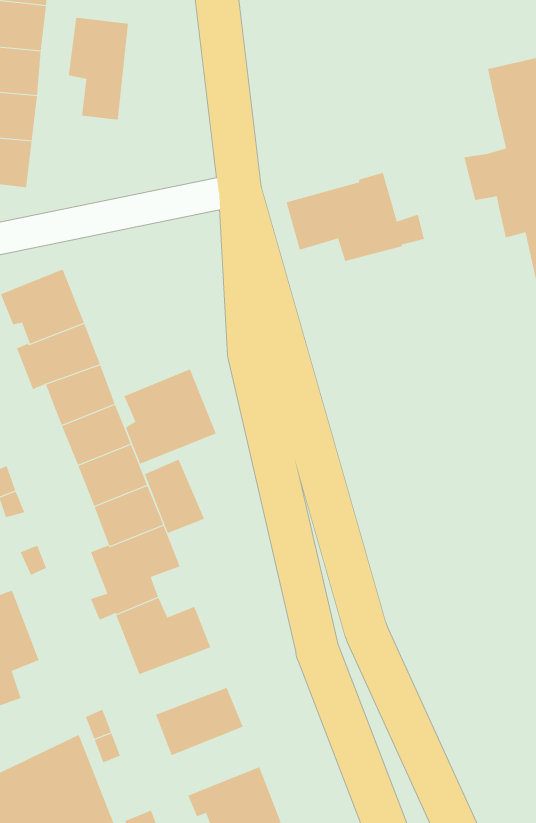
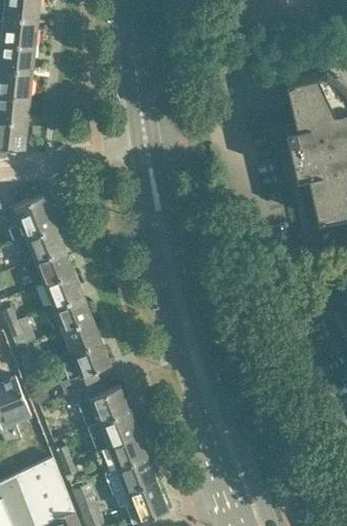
building: [68,17,129,120] -> none
building: [286,172,425,262] -> none
building: [123,368,216,465] -> none
building: [144,459,205,534] -> none
building: none -> [87,411,138,449]
building: none -> [106,456,156,495]

